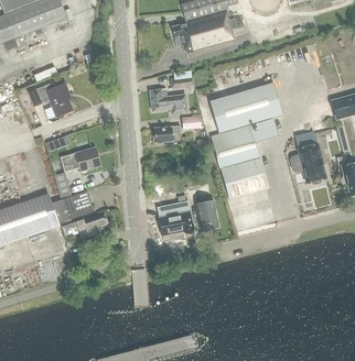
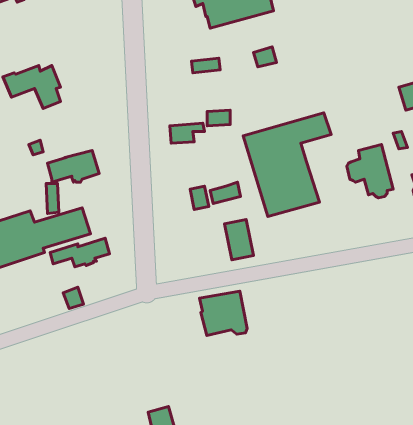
building: [212,81,281,131] -> none
building: [150,88,187,113] -> none
building: [158,200,194,234] -> [200,291,247,336]

